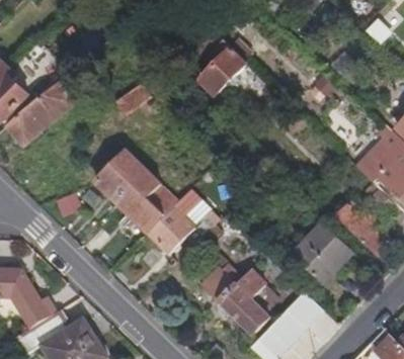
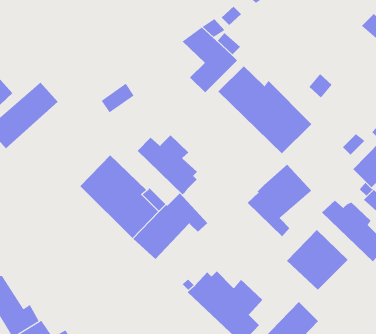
building: none -> [218,65,312,154]
building: none -> [137,135,198,195]
building: none -> [247,164,312,237]

